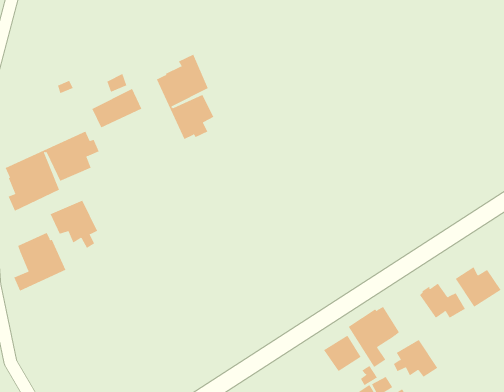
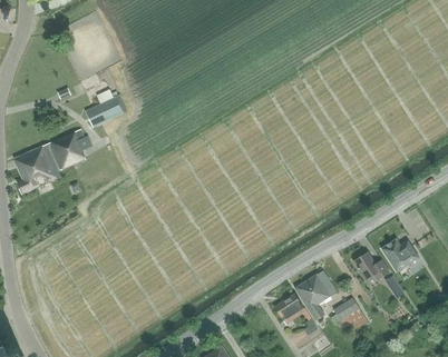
building: [156,54,214,140] -> none
building: [50,200,98,249] -> none
building: [14,232,66,291] -> none

